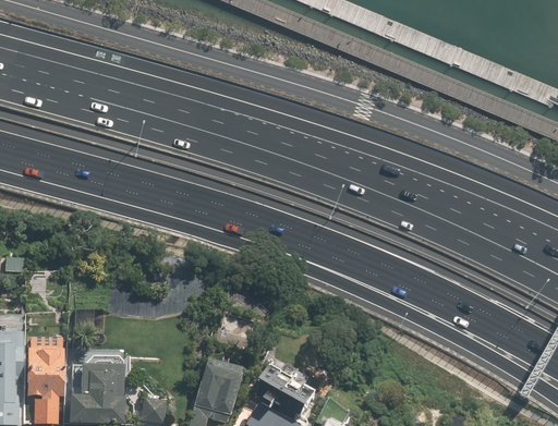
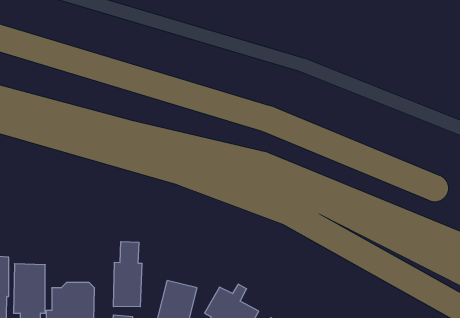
building: none -> [114,242,142,307]

